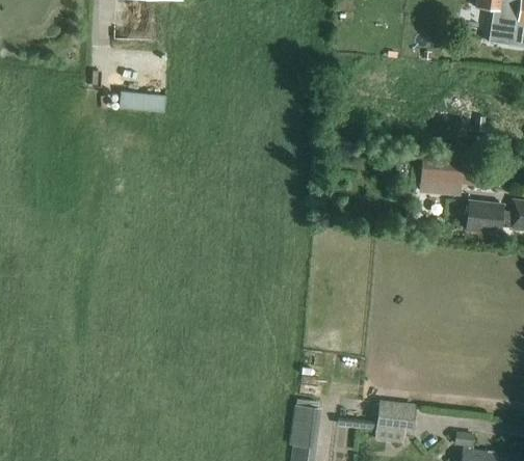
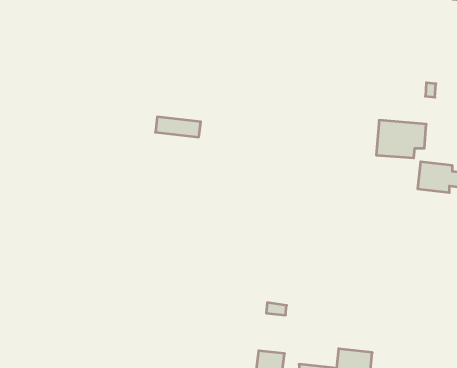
building: [120,89,168,111] -> [155,117,201,137]

